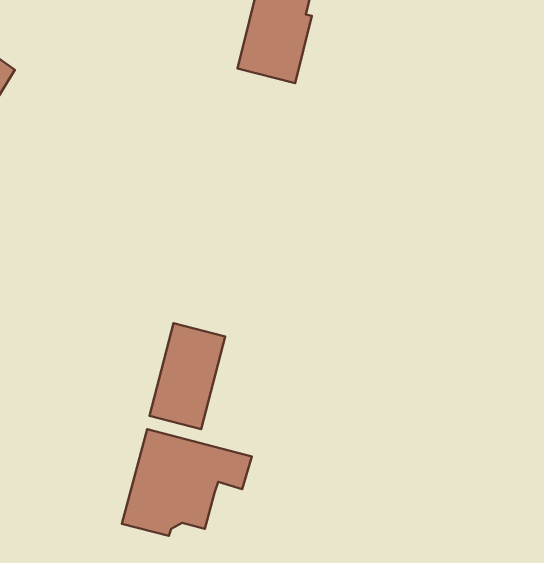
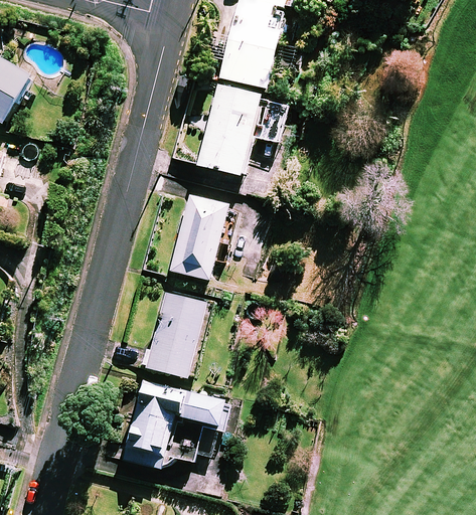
building: none -> [195,85,289,177]
building: none -> [169,195,236,280]

